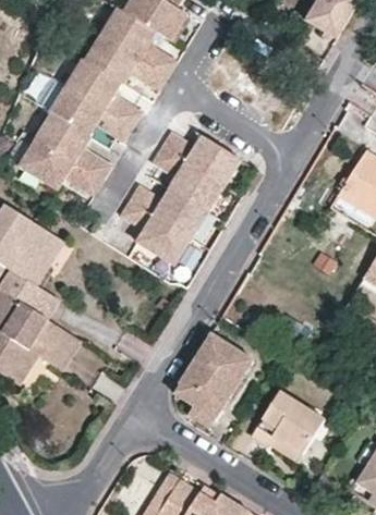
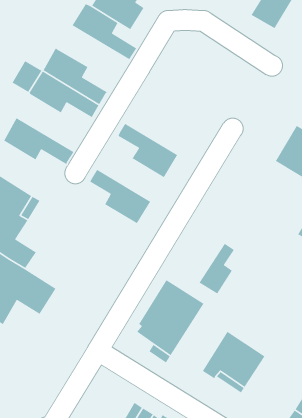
building: [82,35,166,90] -> none
building: [34,115,110,182] -> none
building: [160,133,239,185] -> none
building: [128,186,206,240] -> none
building: none -> [199,243,235,295]

